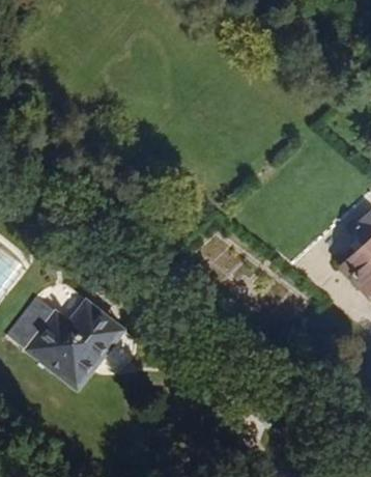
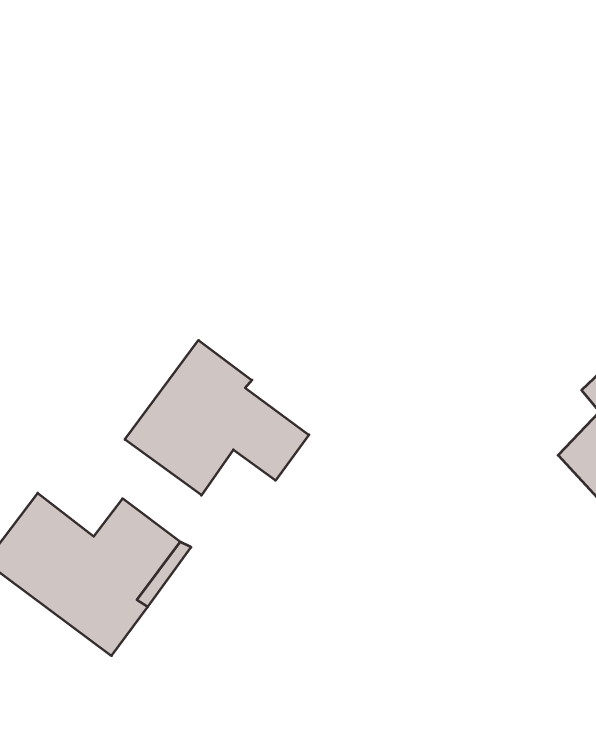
building: none -> [125,340,309,495]

